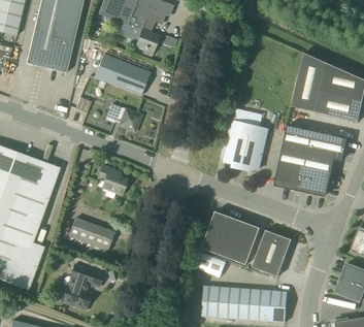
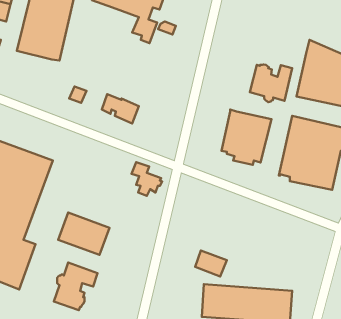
building: [94,54,150,96] -> none
building: none -> [250,65,292,102]
building: [98,166,127,198] -> [132,162,162,196]
building: [202,211,257,263] -> none
building: [252,230,291,275] -> none

